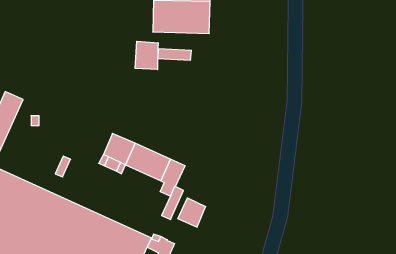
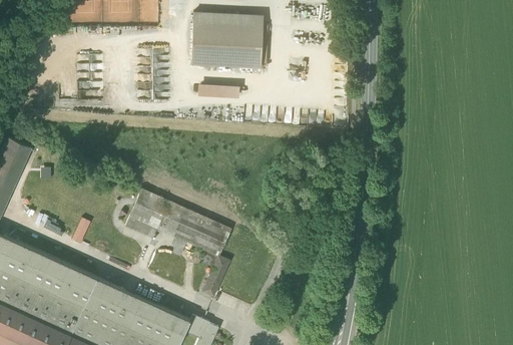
building: [135,41,158,70] -> none
building: [178,198,205,227] -> none

